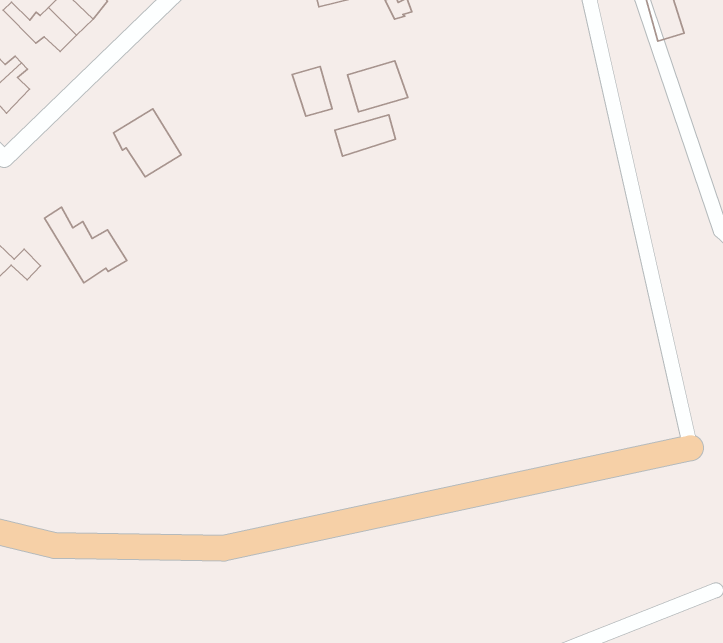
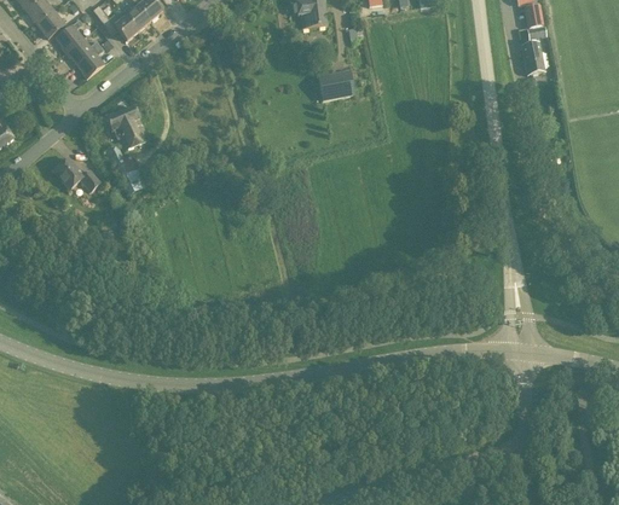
building: [292,67,332,116] -> none
building: [114,109,181,177] -> [104,106,147,151]
building: [335,115,395,156] -> none

